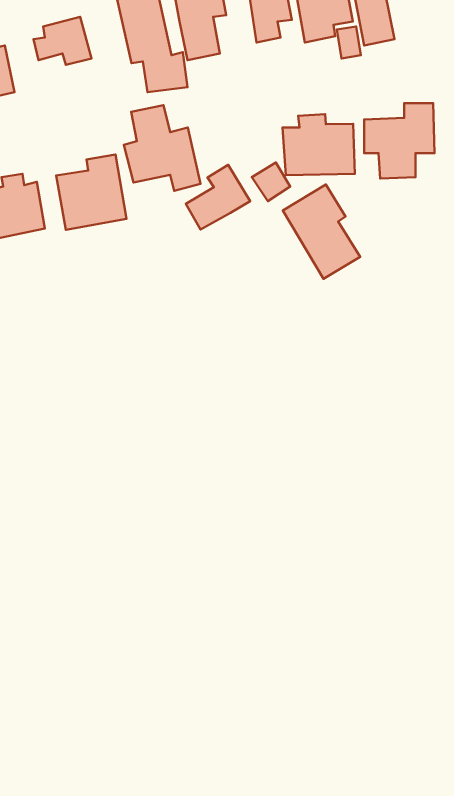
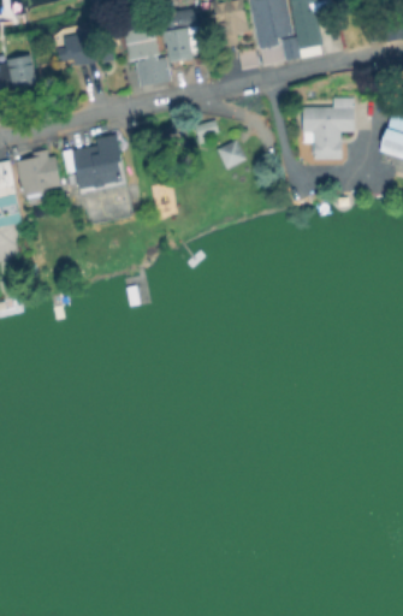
building: [124,105,200,191] -> none
building: [283,114,355,175] -> none
building: [186,165,250,230] -> none
building: [283,185,360,279] -> none

